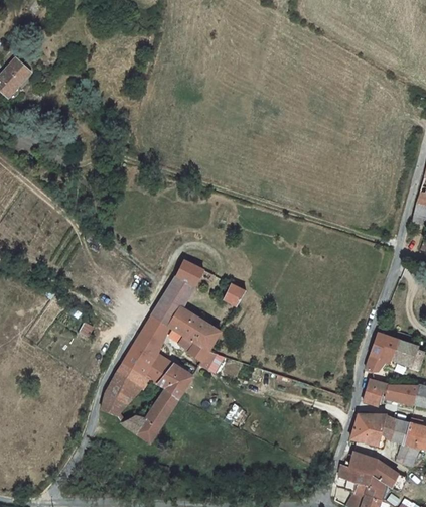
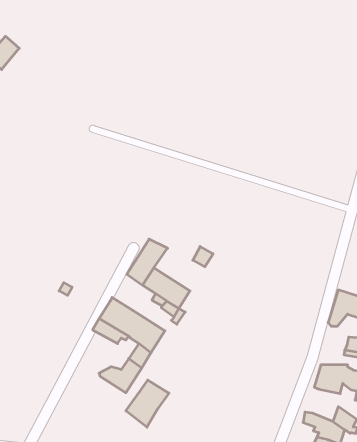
building: [174,261,211,286] -> none
building: [134,314,167,354] -> none
building: [100,375,140,416] -> none
building: [365,377,391,405] -> none
building: none -> [126,380,169,427]
building: [351,452,380,475] -> none

